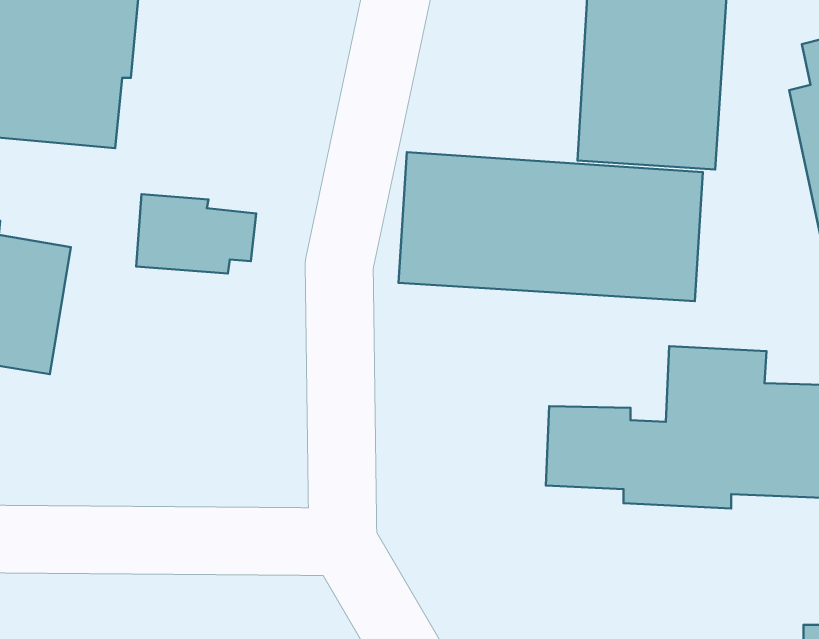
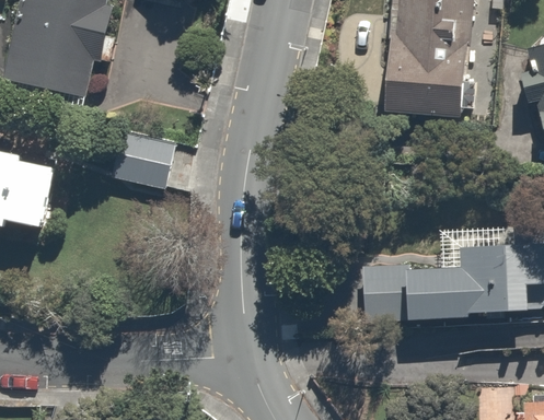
building: [398,152,703,301] -> none

